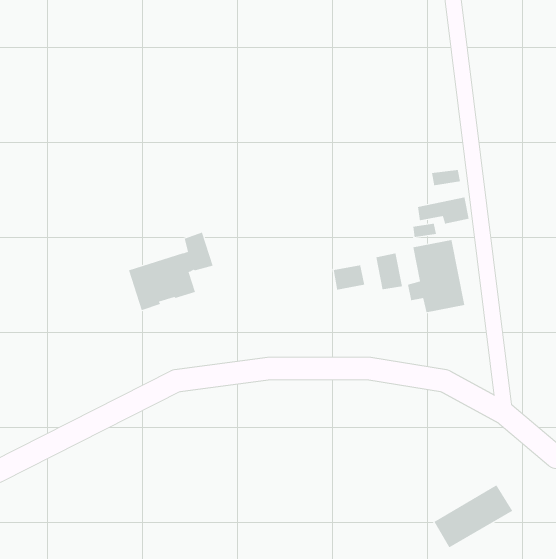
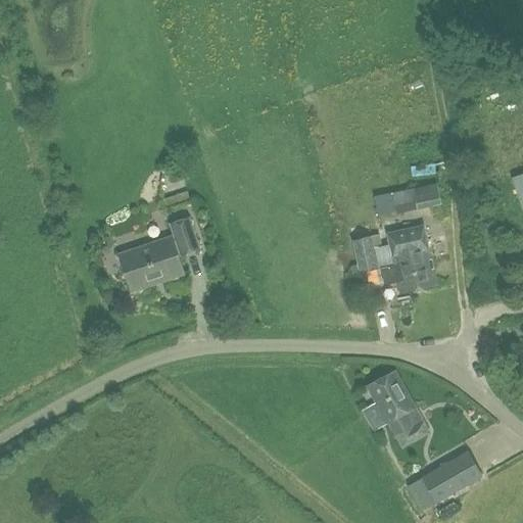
building: [333,264,365,291] -> none
building: none -> [367,369,429,446]

